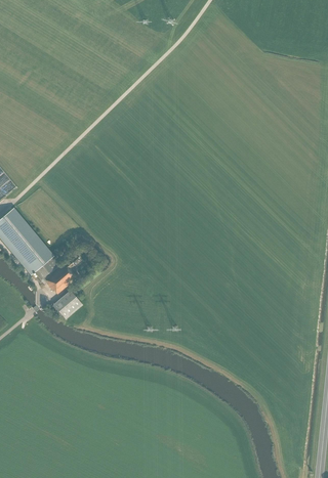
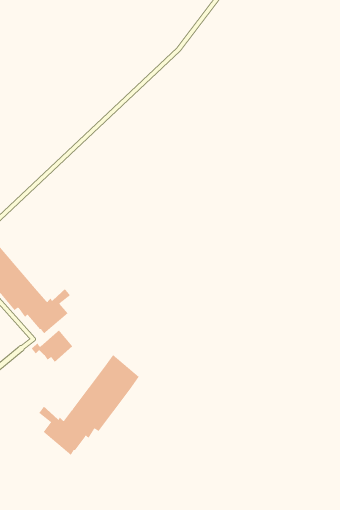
building: none -> [38,354,140,456]

